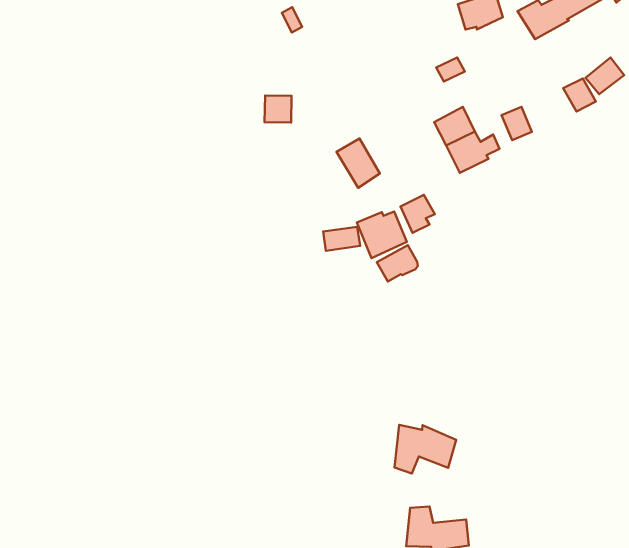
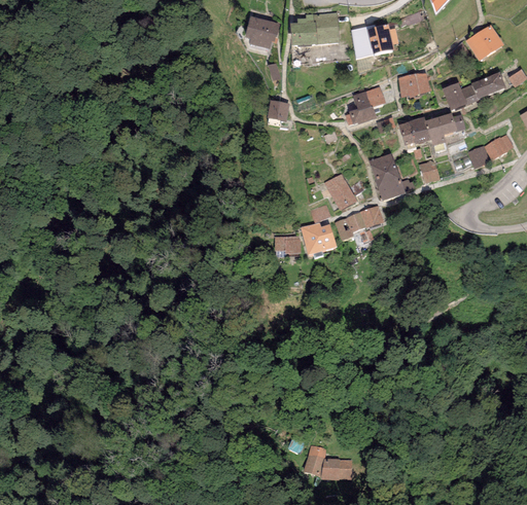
building: none -> [350,85,386,124]
building: none -> [399,113,466,147]
building: [265,96,292,123] -> [267,99,289,121]
building: [336,139,380,188] -> [326,171,356,207]
building: [377,245,418,281] -> [353,205,383,229]
building: [394,425,456,474] -> none

